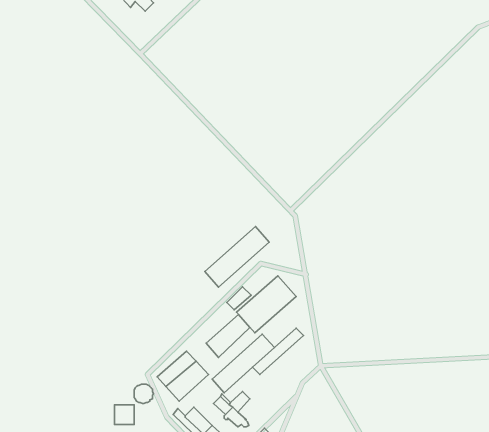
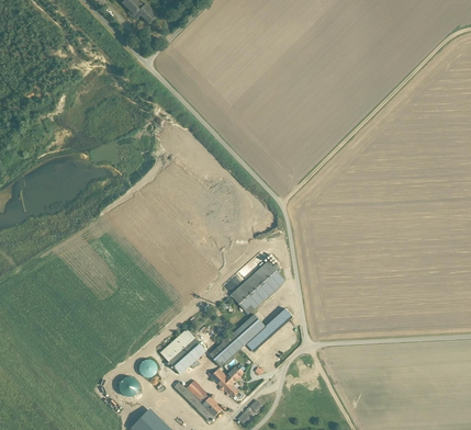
building: [205,227,269,287] -> none
building: [206,315,250,357] -> none

